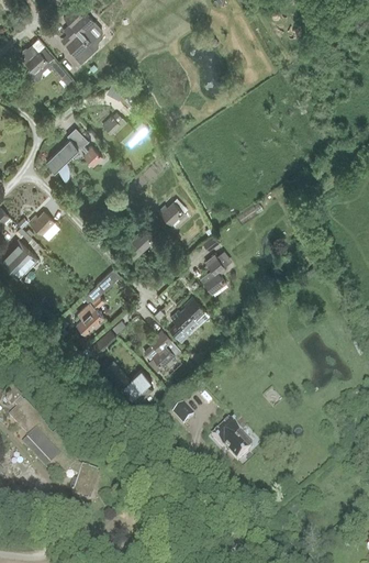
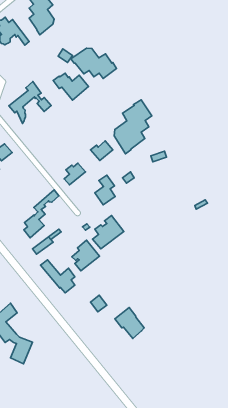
building: none -> [71,48,117,78]
building: none -> [114,100,152,154]
building: [200,254,227,294] -> [95,175,115,205]

